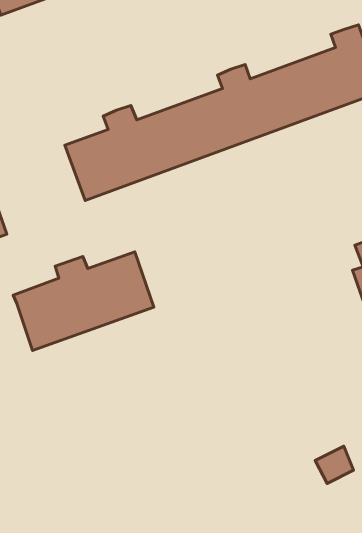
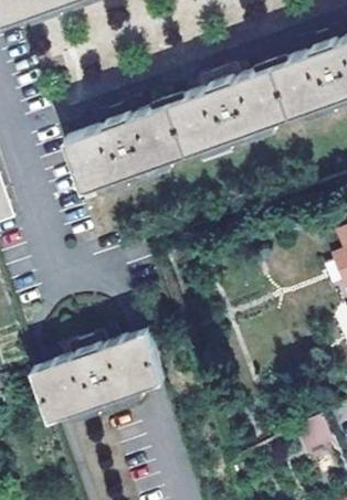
building: [13,252,154,350] -> [34,332,164,423]

